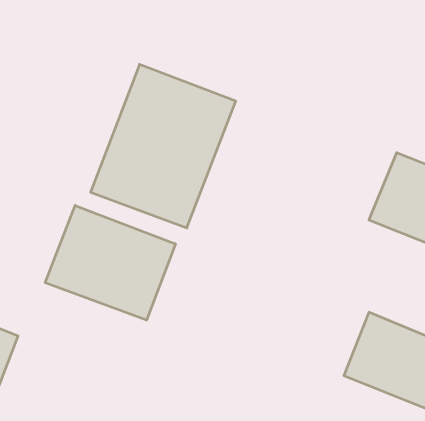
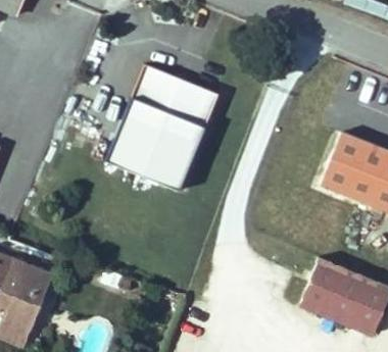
building: [45,205,175,320] -> none

